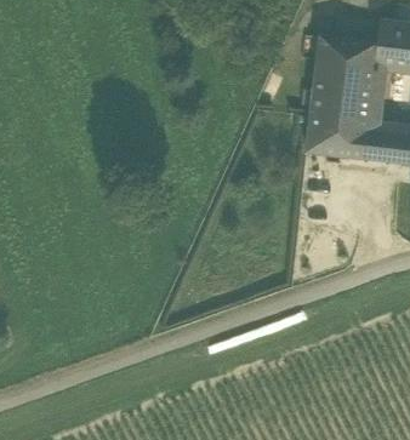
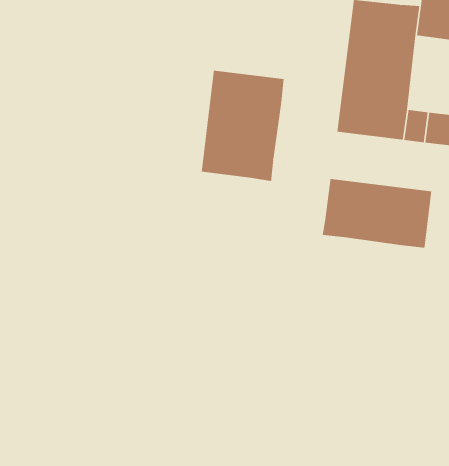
building: none -> [201,70,284,182]
building: none -> [322,178,432,248]

